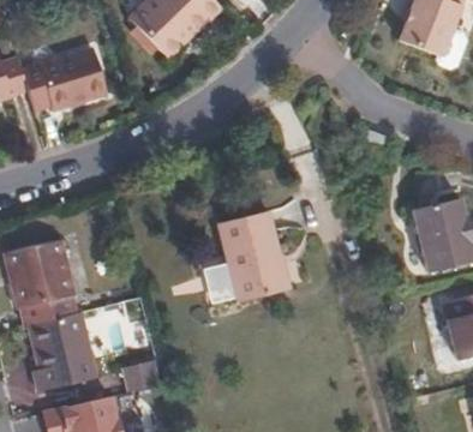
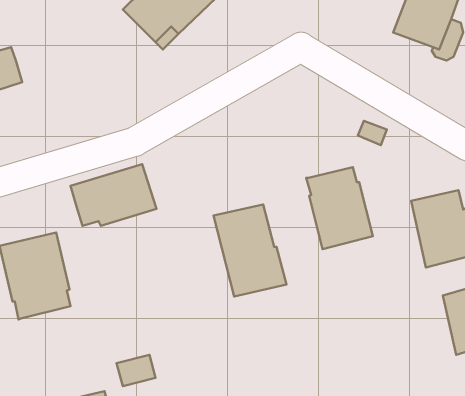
building: [22,48,107,109] -> [71,164,157,226]
building: none -> [306,167,373,249]
building: [26,311,96,391] -> none

